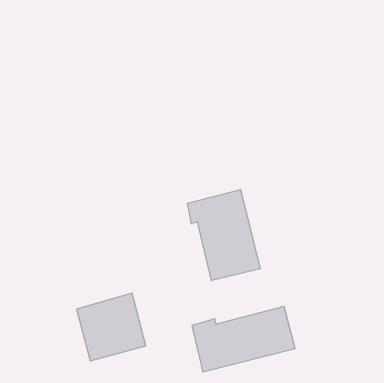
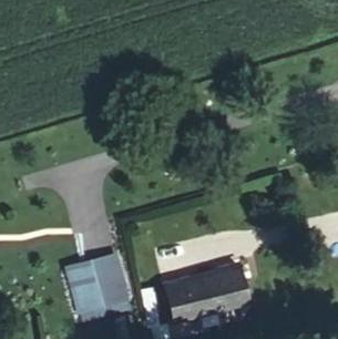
building: [187,189,260,281] -> none

